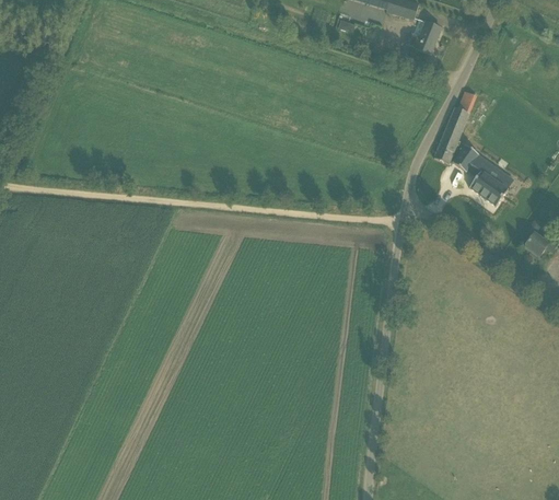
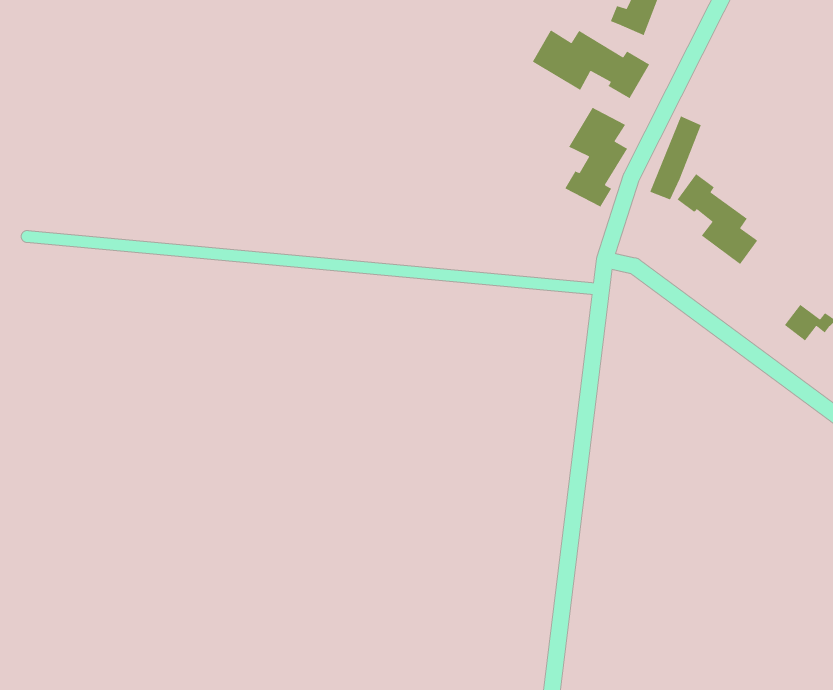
building: none -> [531,30,651,100]
building: none -> [564,106,628,209]

